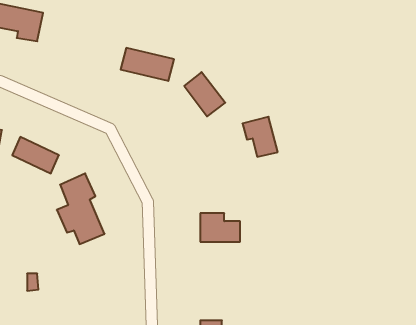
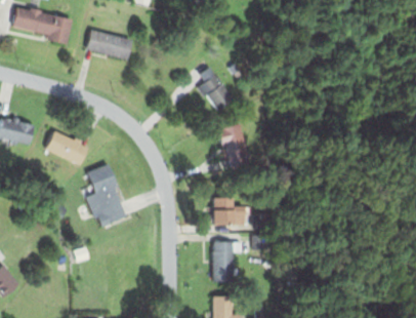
building: [121,48,174,81] -> [85,30,133,59]
building: [242,117,278,157] -> [217,123,249,159]
building: none -> [212,240,250,278]

